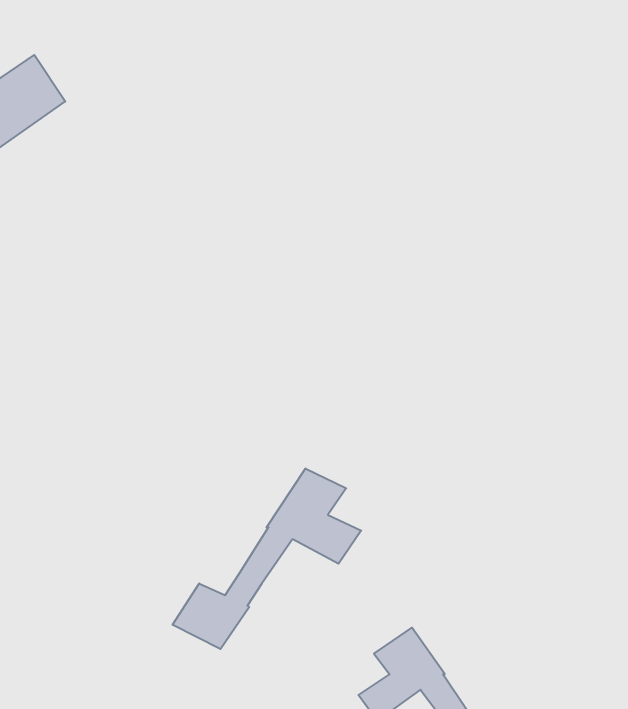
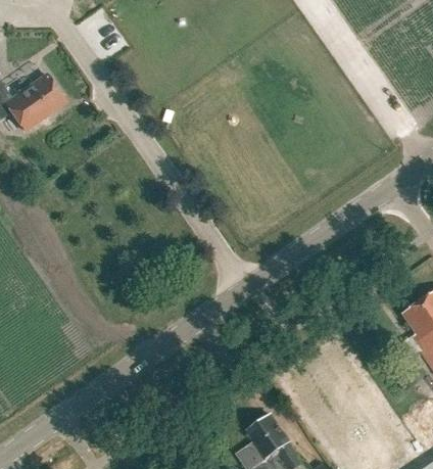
building: [173,468,361,649] -> none

